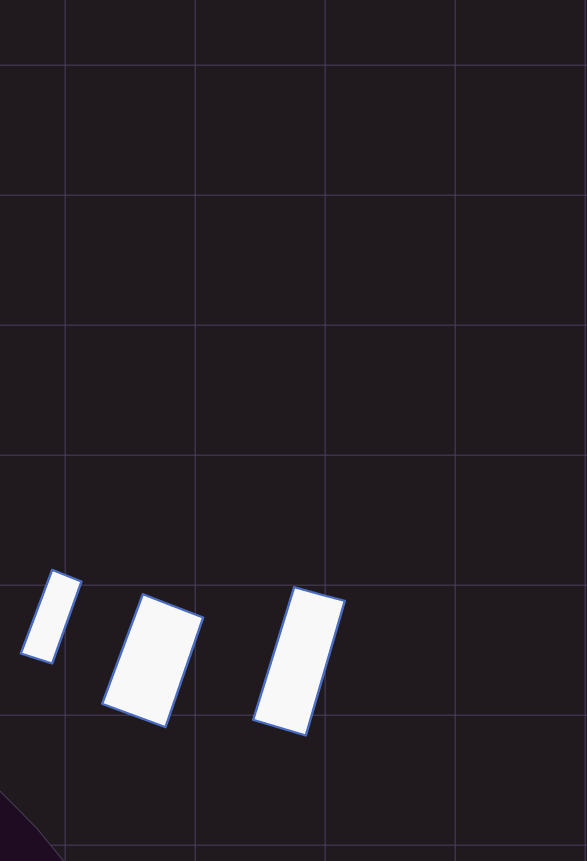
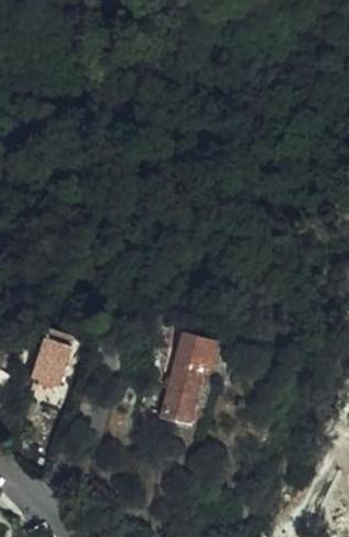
building: [102,594,203,727] -> none

